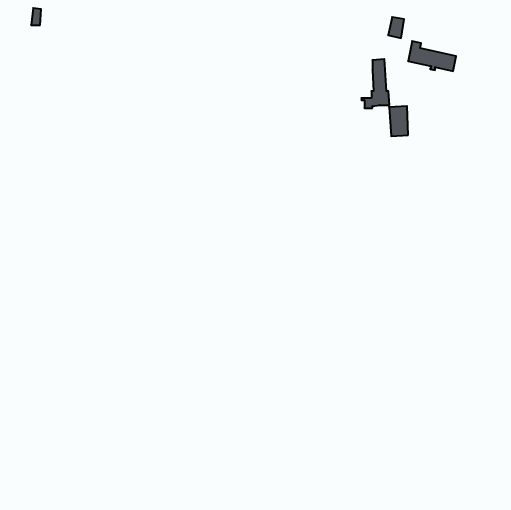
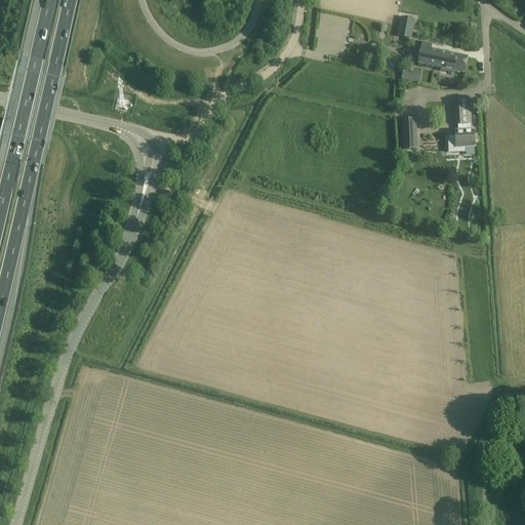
building: [361,59,389,108] -> [446,99,475,150]

